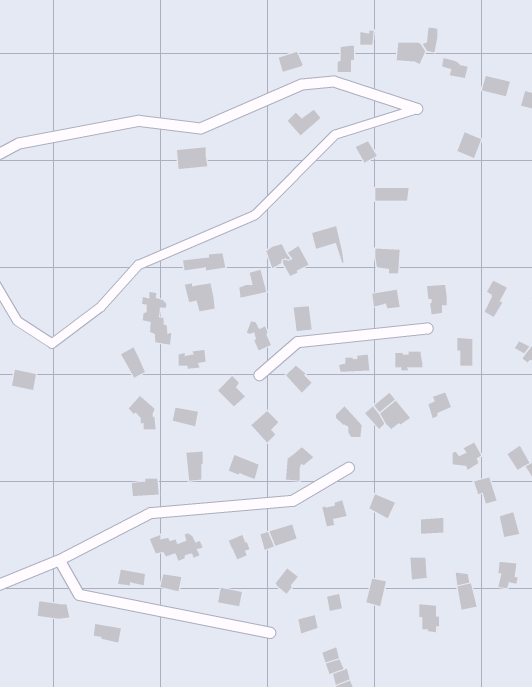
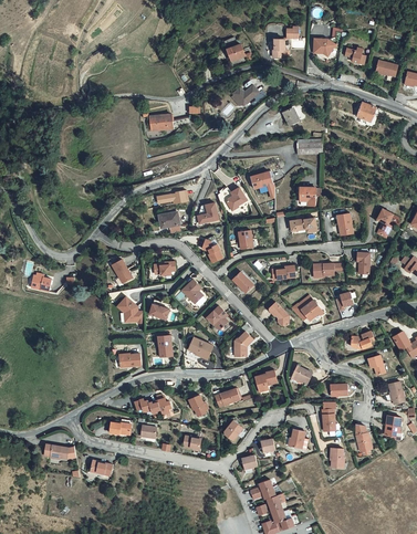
building: [141,291,172,346] -> none

